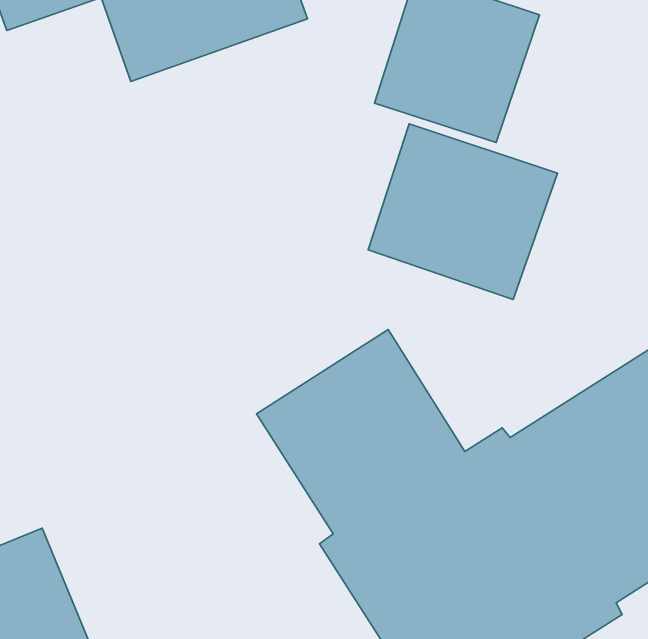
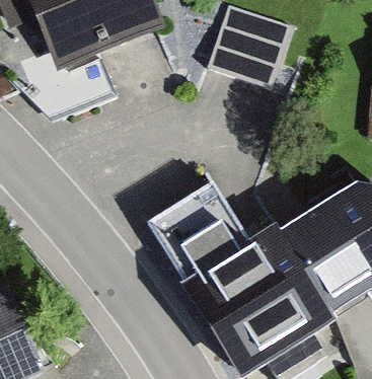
building: [368,124,557,299] -> none

